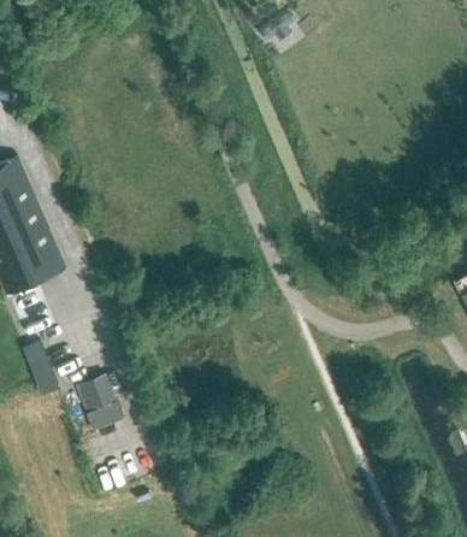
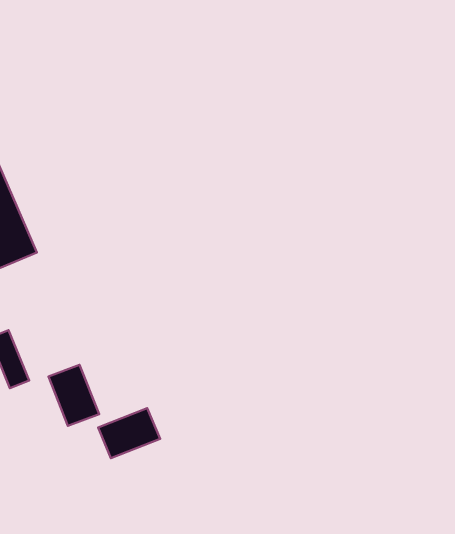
building: none -> [98,408,160,458]

